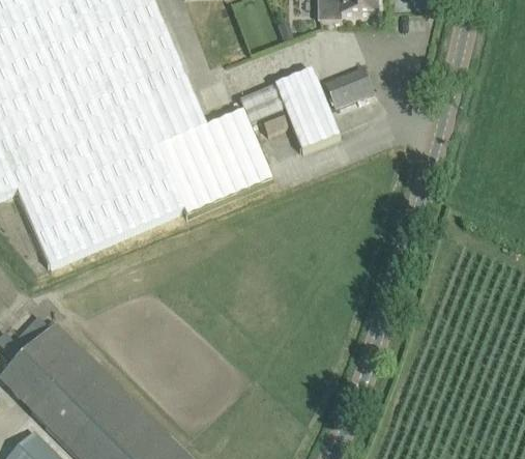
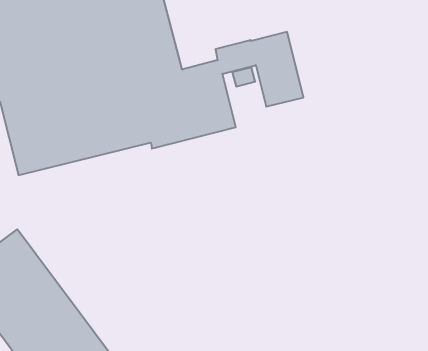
building: [324,67,372,106] -> none

